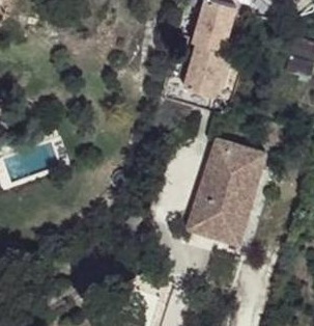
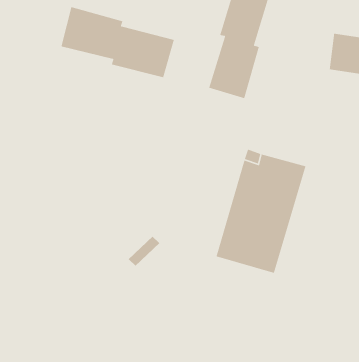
building: none -> [60,6,175,78]

